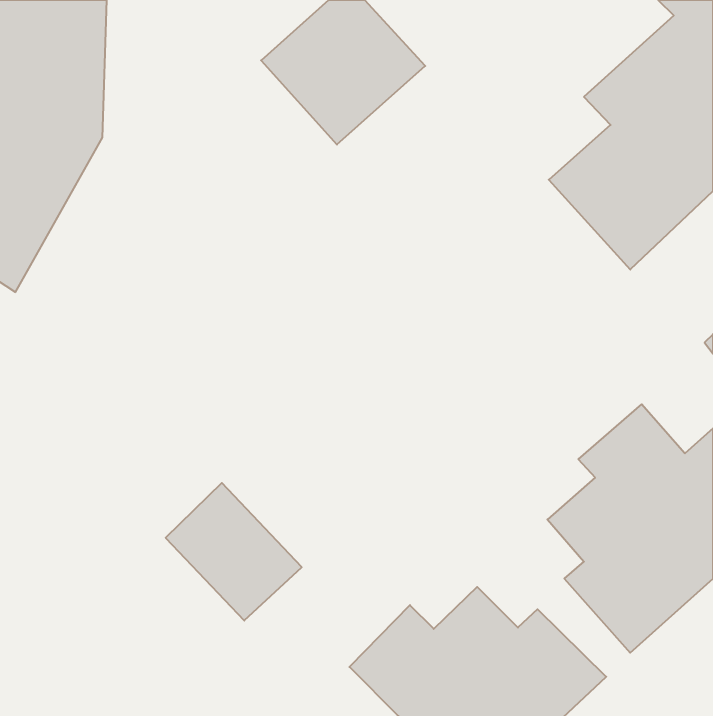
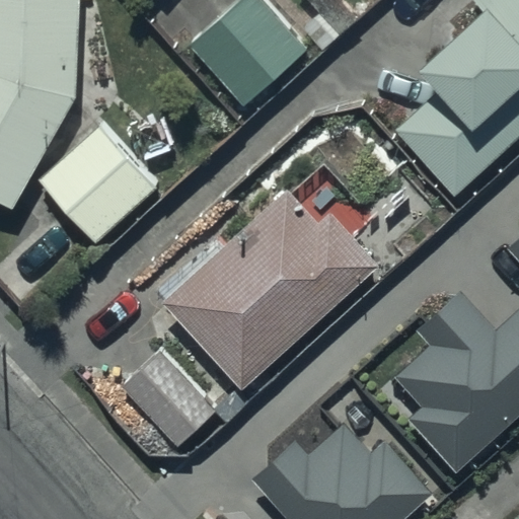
building: none -> [38,122,159,242]
building: none -> [161,187,374,390]

